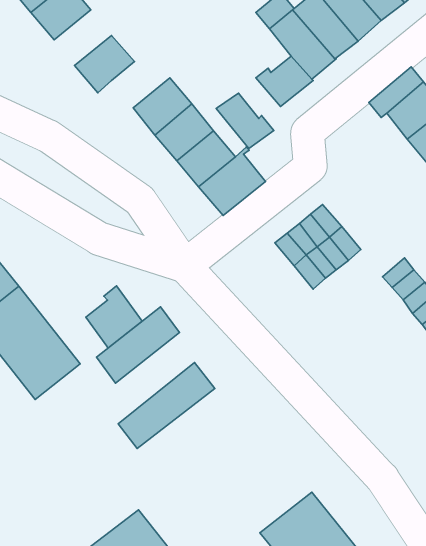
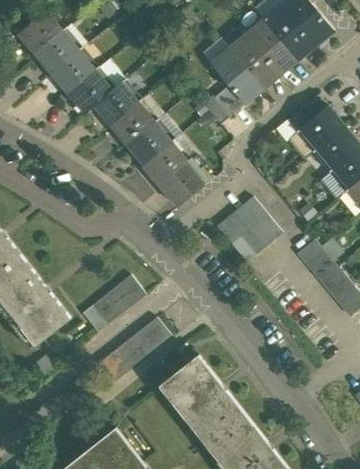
building: none -> [50,51,93,93]
building: none -> [93,82,137,125]
building: [216,93,274,149] -> none
building: [86,286,142,348] -> none
building: none -> [158,355,244,445]

